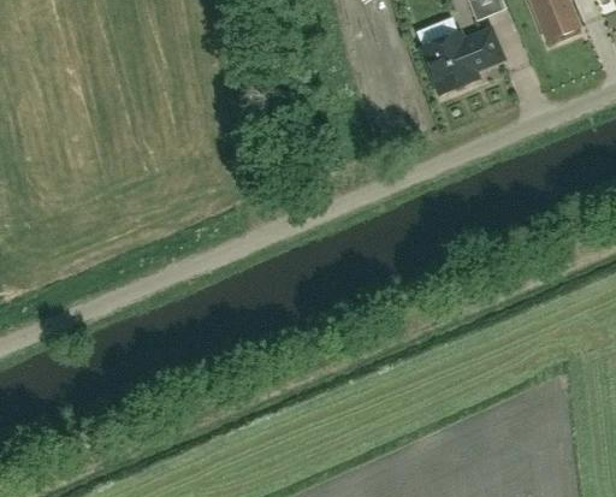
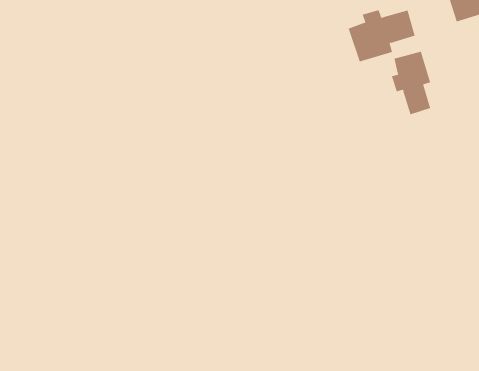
building: none -> [391,51,431,115]

